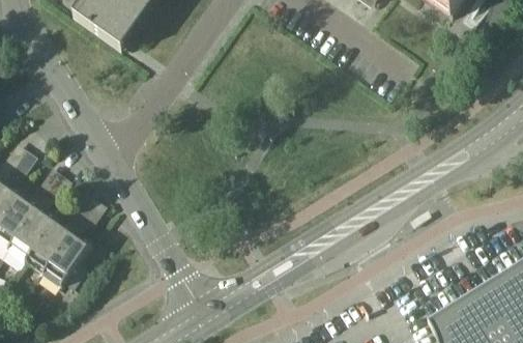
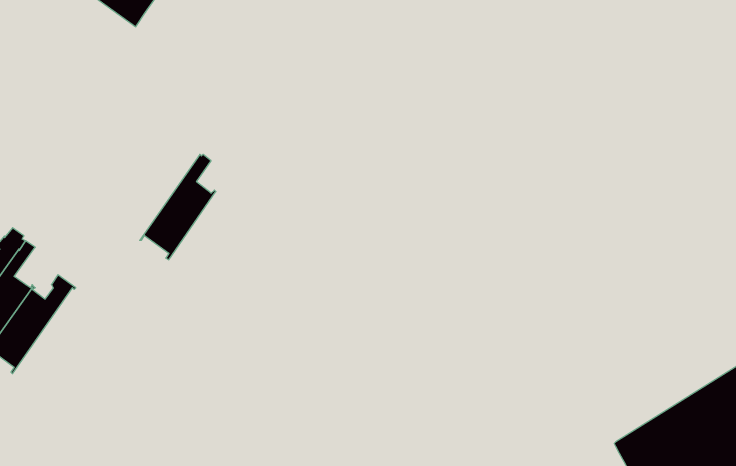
building: [41,215,90,282] -> [140,154,216,260]

